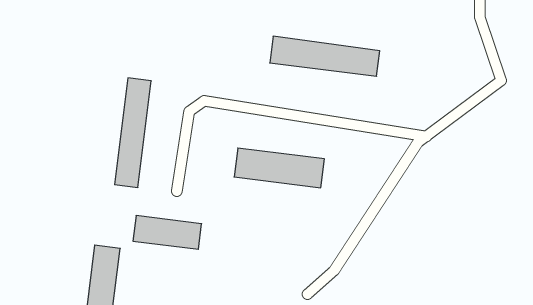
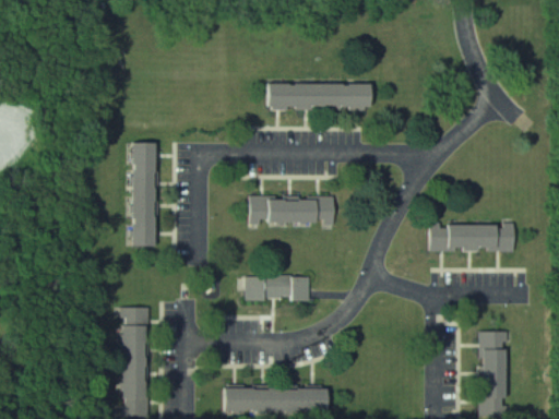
building: none -> [430,224,514,249]
building: [133,216,202,249] -> [243,275,308,300]

